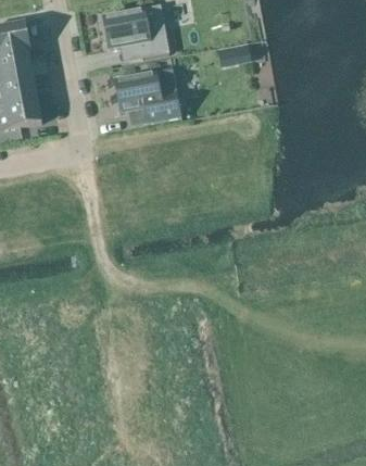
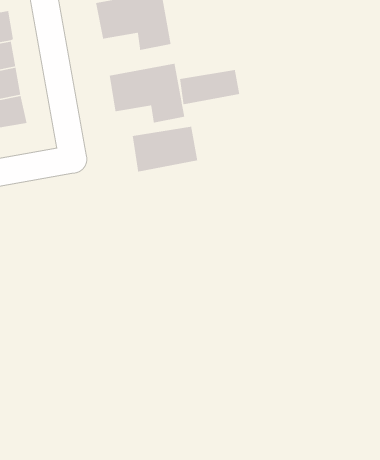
building: none -> [179,69,240,105]
building: none -> [132,126,198,173]

